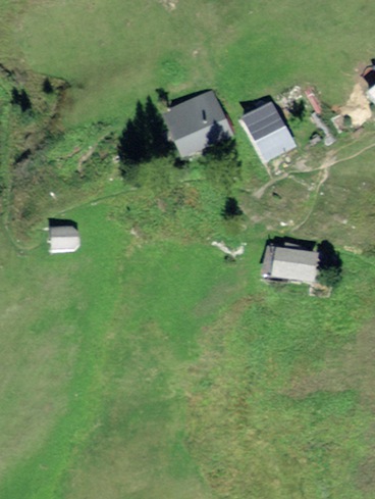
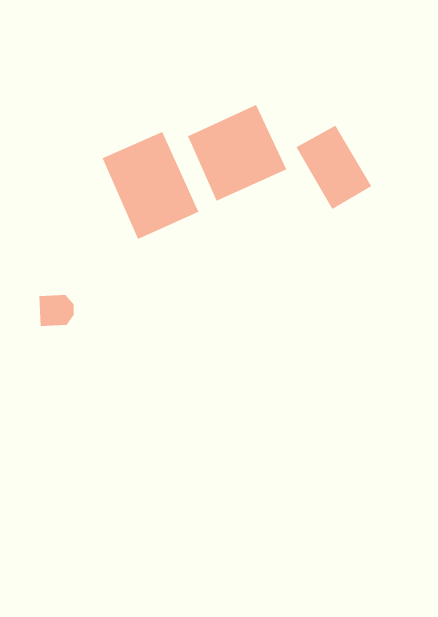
building: none -> [102,131,199,240]
building: [264,239,321,286] -> none

